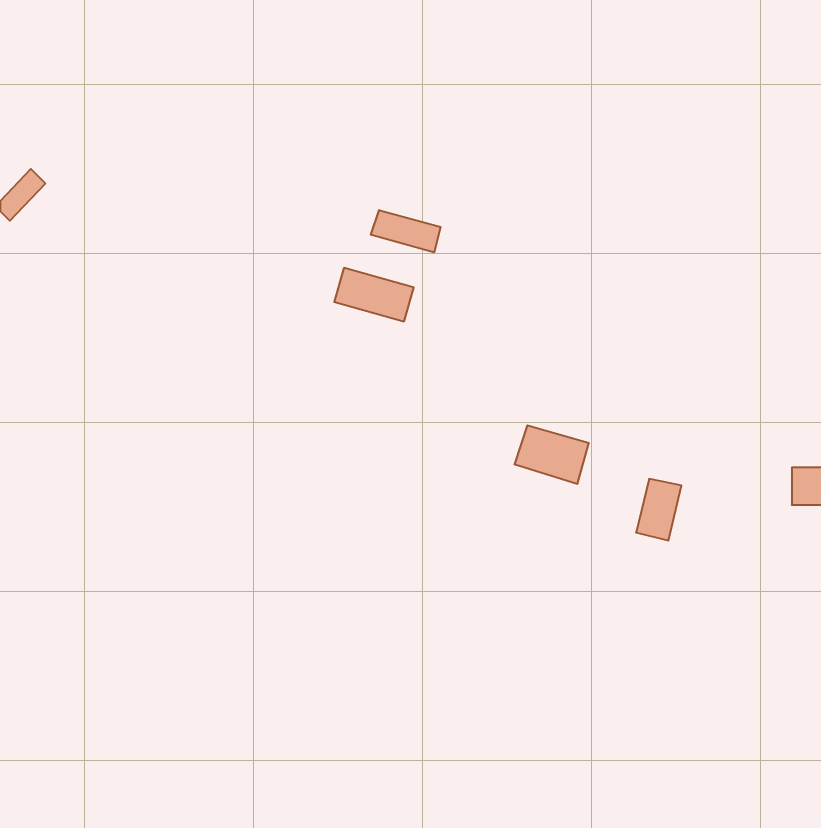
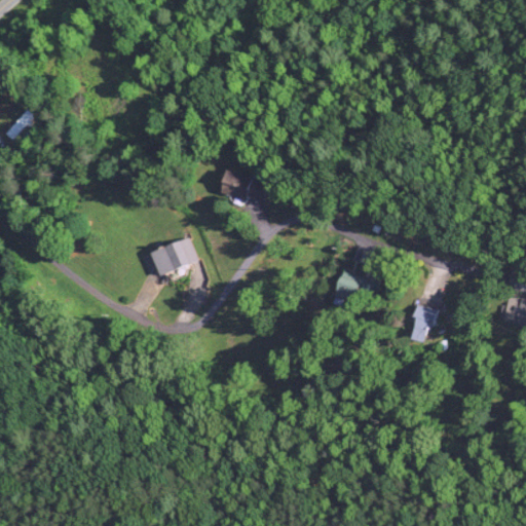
building: [371,210,441,252] -> none
building: none -> [152,236,199,274]

